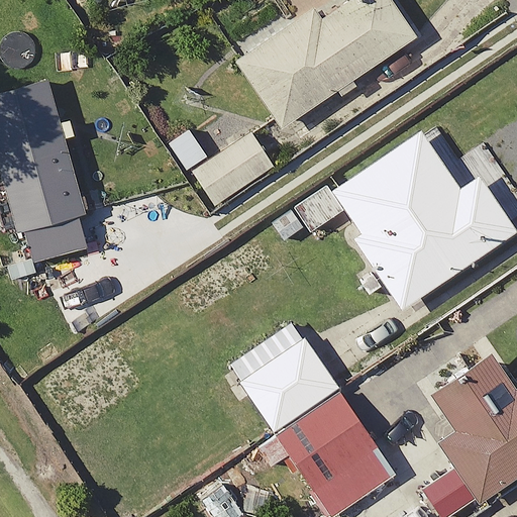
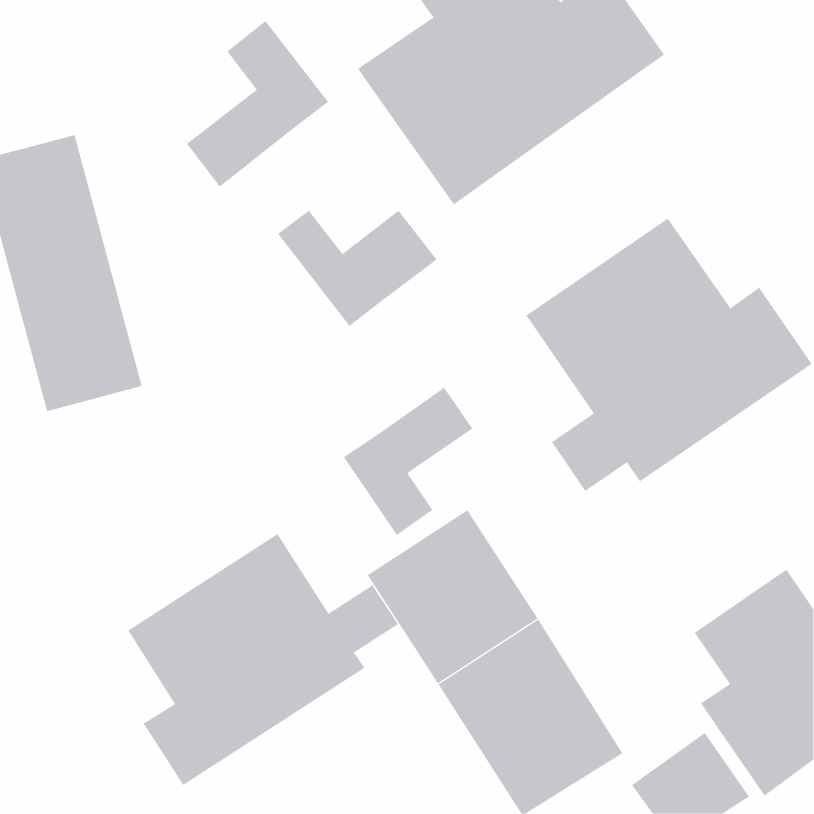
building: none -> [186,20,329,187]
building: none -> [343,387,473,536]
building: none -> [127,533,399,786]

